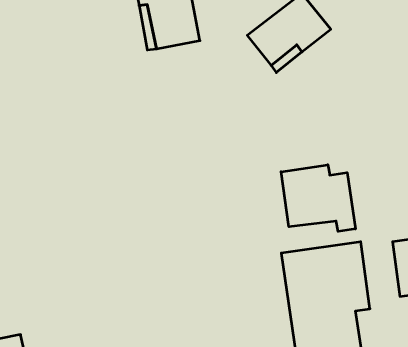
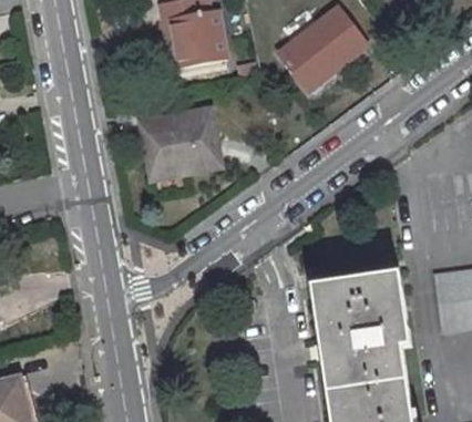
building: none -> [141,109,222,177]
building: [281,165,355,231] -> none

